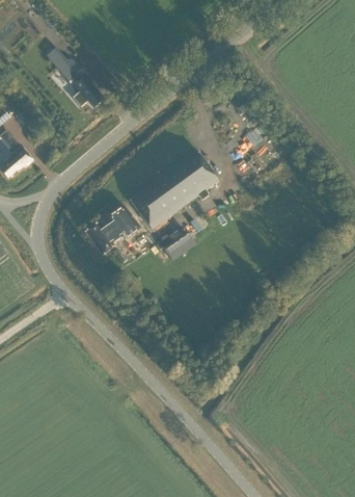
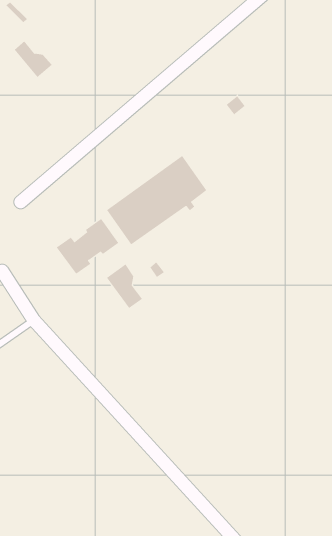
building: [70,72,104,107] -> none
building: none -> [106,264,143,309]

